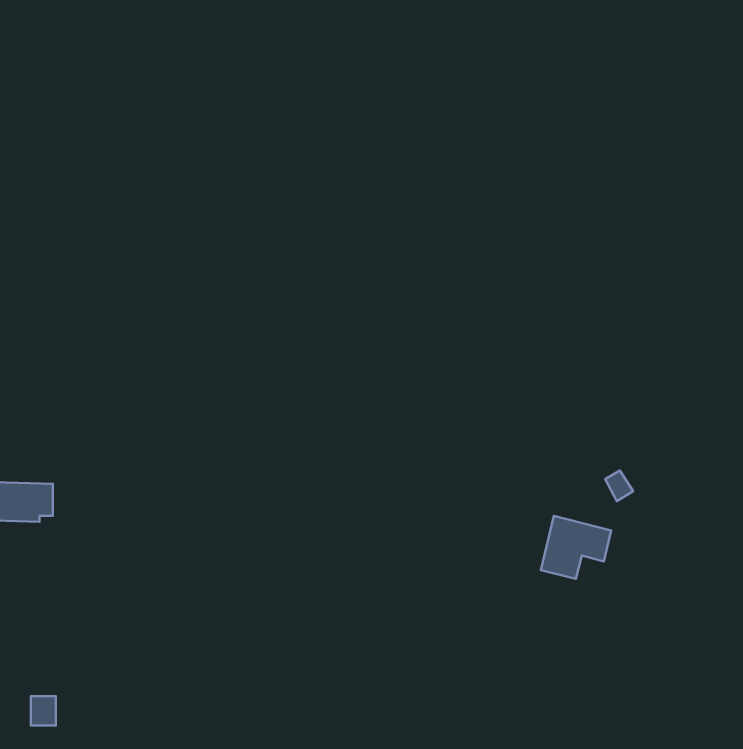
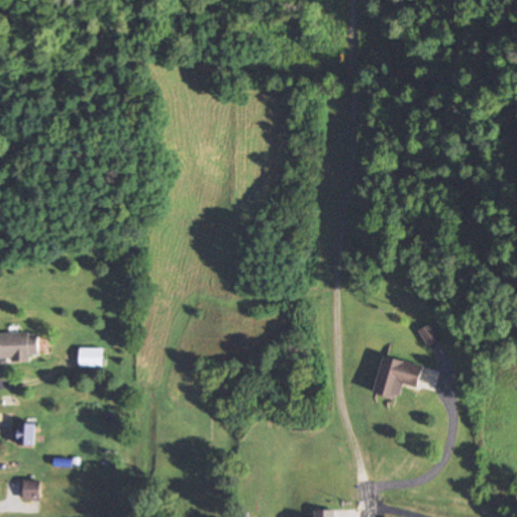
building: none -> [77,347,100,367]
building: none -> [16,423,32,445]

